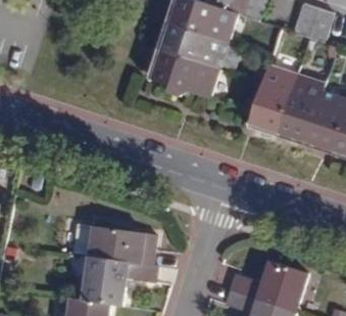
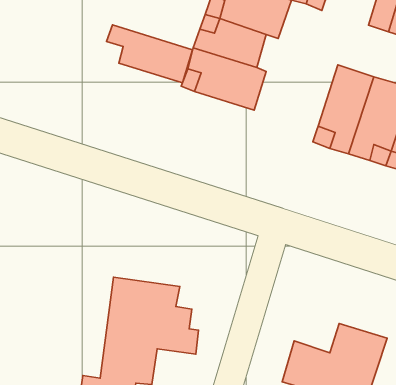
building: none -> [106,25,193,83]

